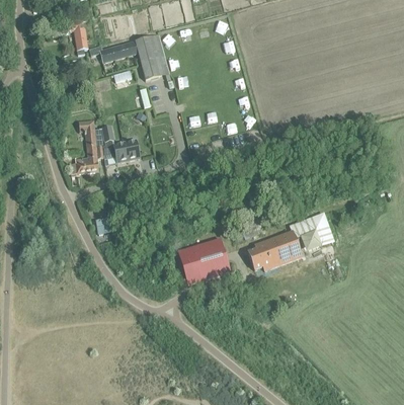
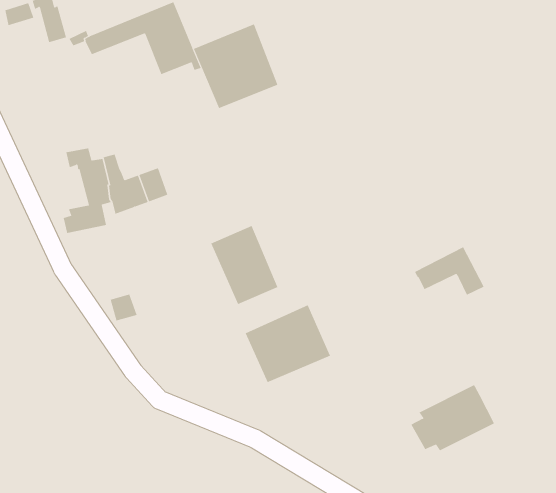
building: none -> [193,24,278,109]
building: none -> [210,225,278,305]
building: [248,229,302,269] -> [411,383,495,451]

